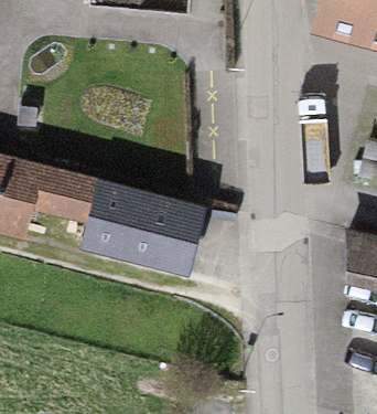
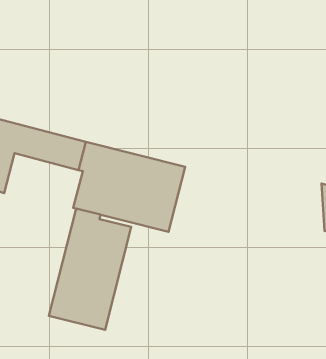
building: none -> [49,209,131,330]

